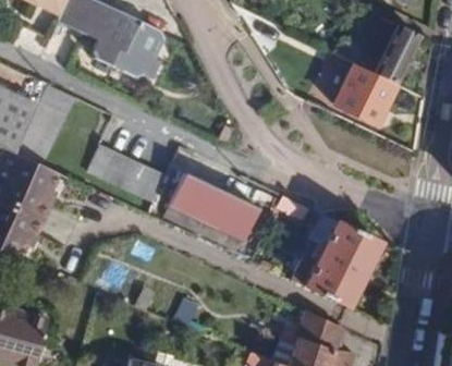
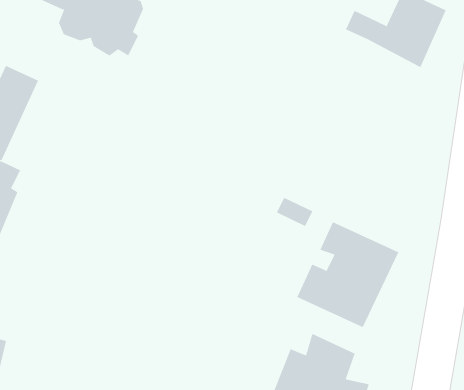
building: [333,61,396,124] -> none
building: [86,145,164,202] -> none
building: [169,173,258,240] -> none

